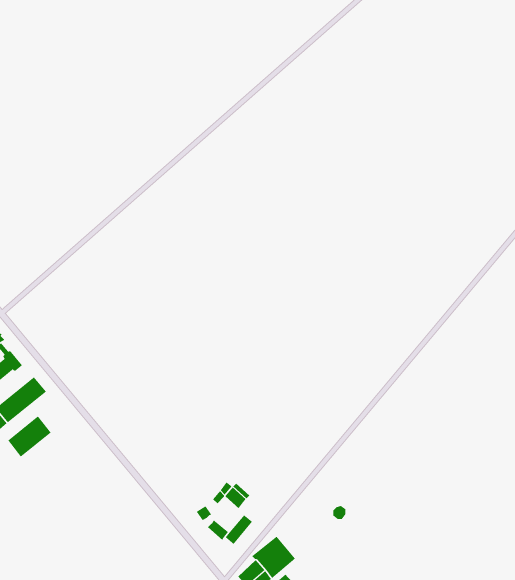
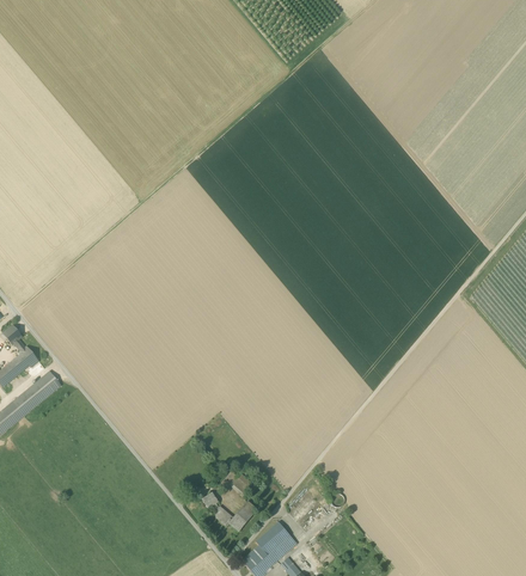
building: [7,416,52,458] -> none

